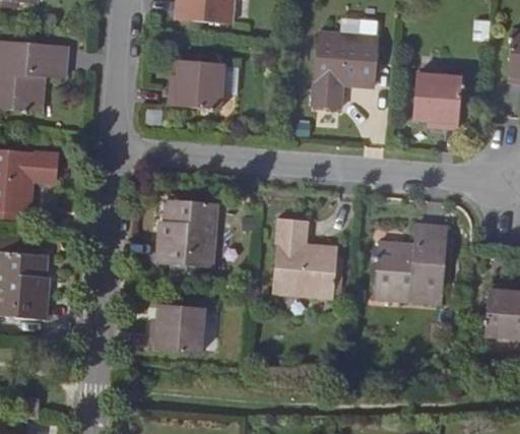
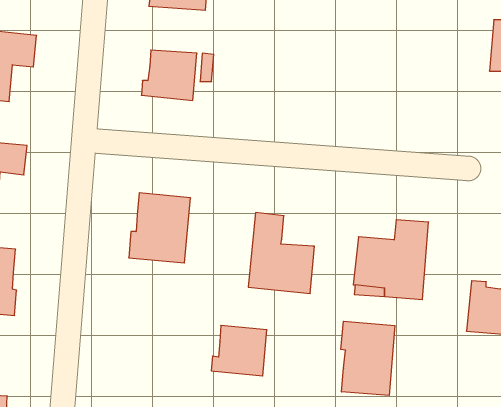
building: [312,33,378,108] -> none
building: [412,74,461,128] -> none
building: [149,304,203,353] -> [211,326,267,376]
building: none -> [341,321,395,395]

